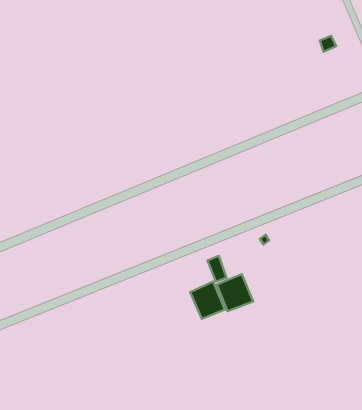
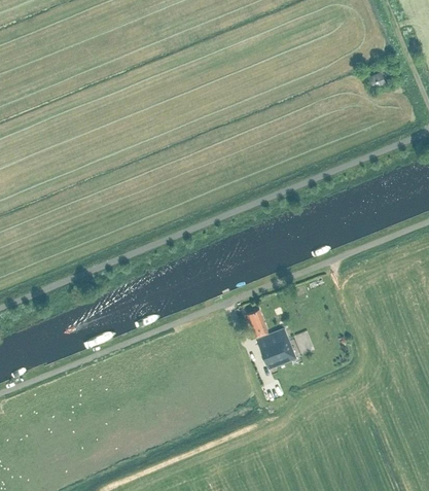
building: [190,281,225,319] -> none

